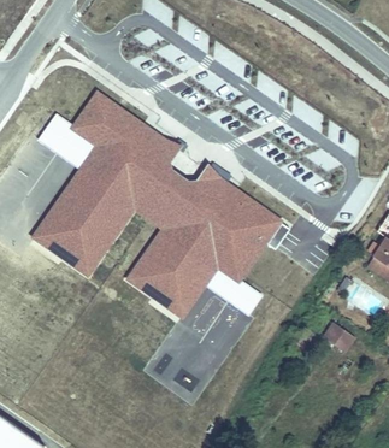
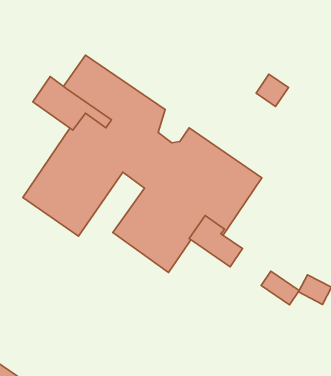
building: none -> [256,74,289,107]
building: none -> [261,271,299,305]

